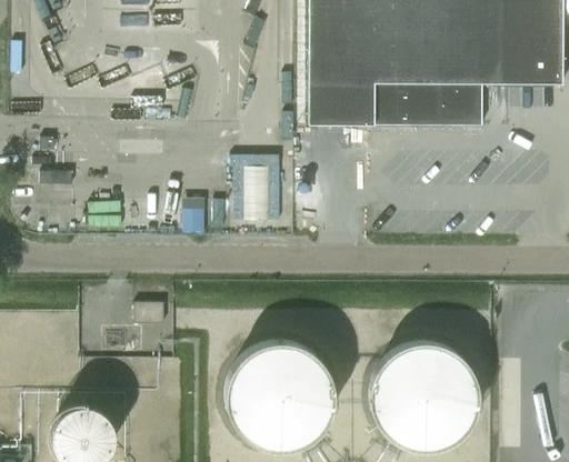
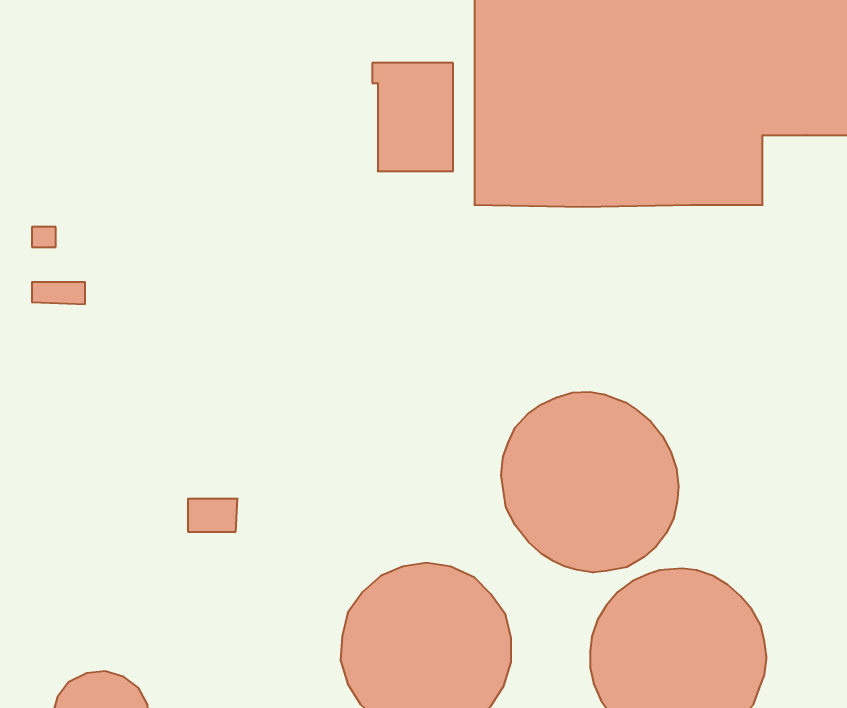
building: [230,157,279,222] -> [372,63,453,171]
building: none -> [501,392,678,573]

